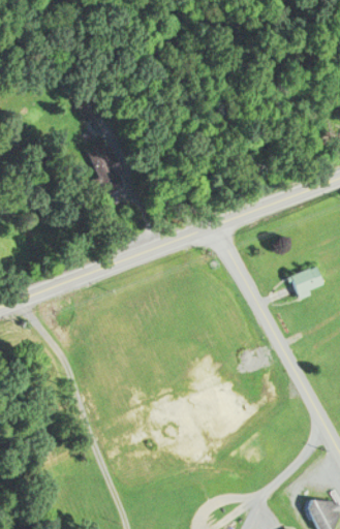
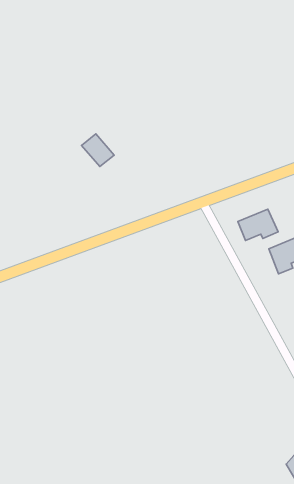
building: none -> [238,209,278,241]

